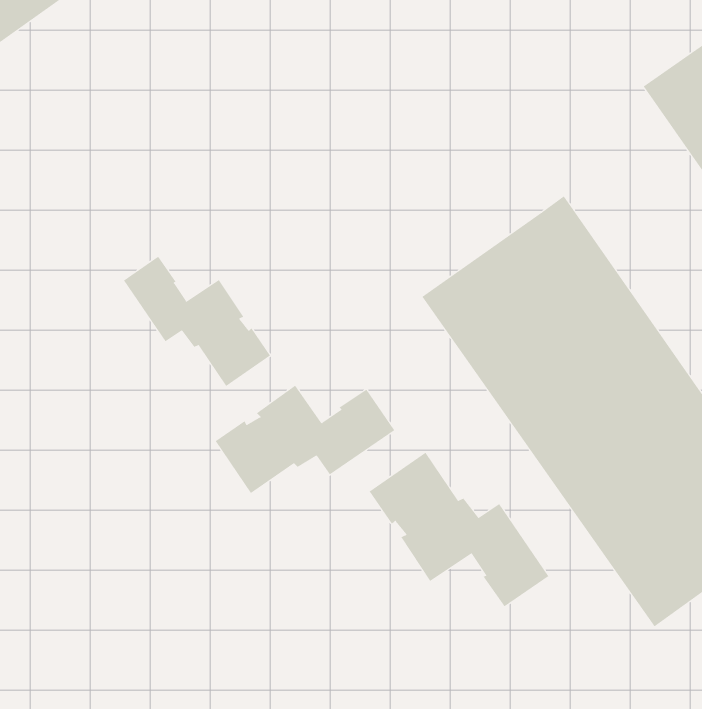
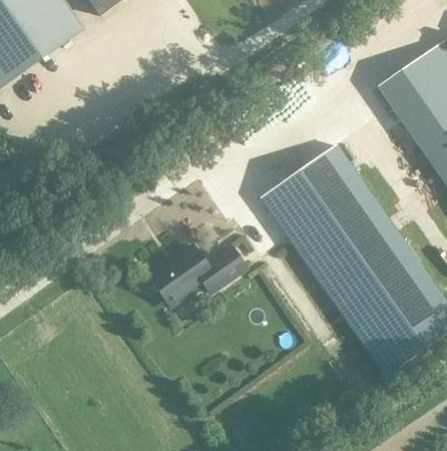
building: [123,256,271,387] -> none
building: [369,452,549,607] -> none

